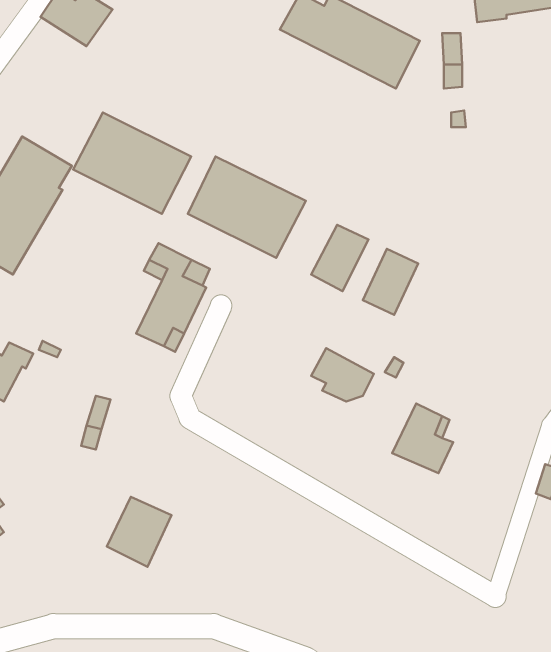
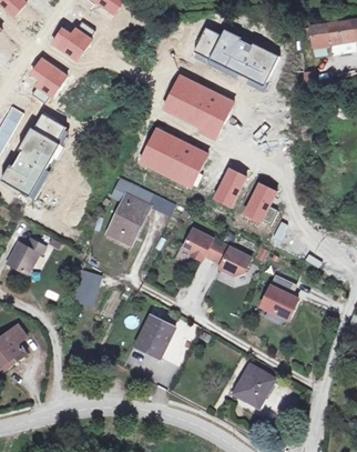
building: none -> [29,57,67,97]
building: [73,112,191,214] -> [162,72,233,133]
building: none -> [182,229,221,260]
building: [107,497,171,567] -> [135,315,174,358]
building: none -> [235,364,274,404]

